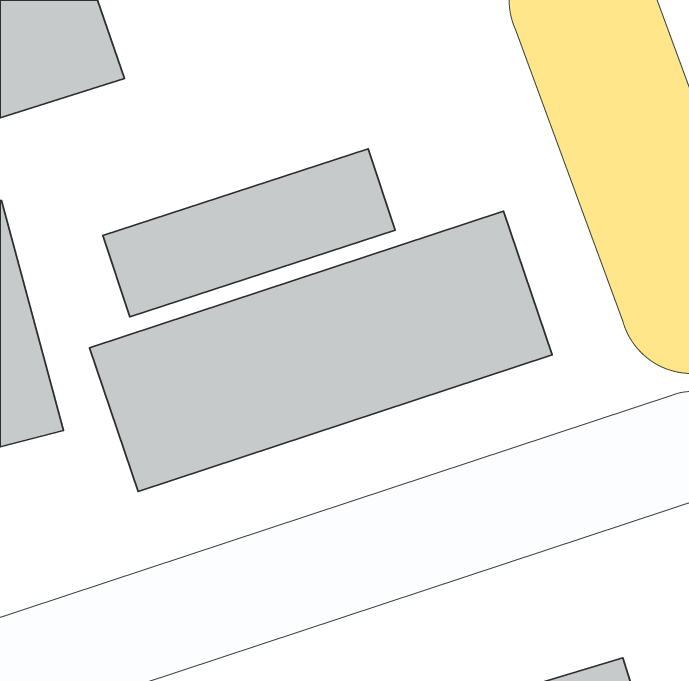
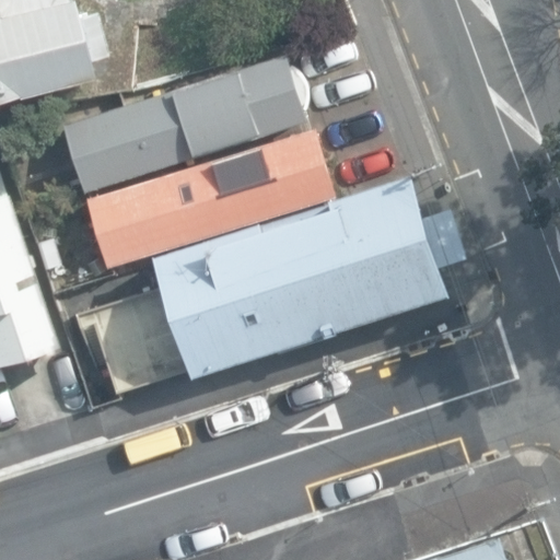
building: none -> [61,55,300,199]

